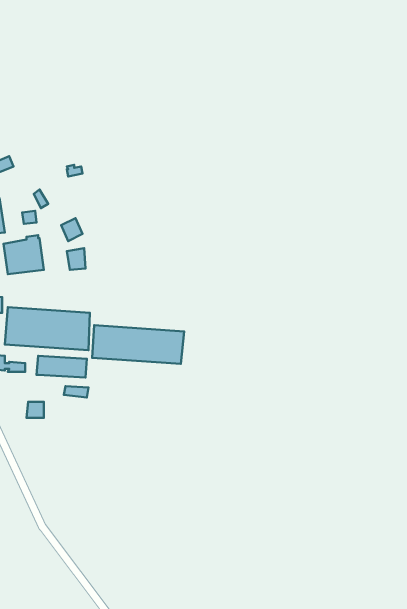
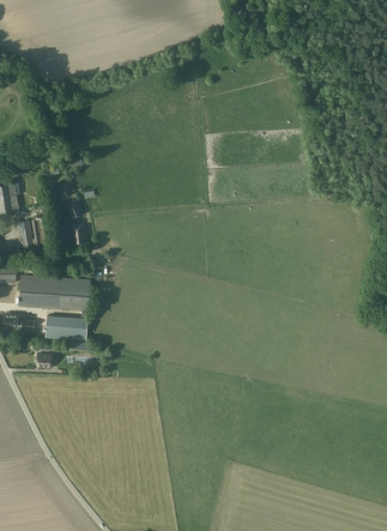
building: [92,325,184,364] -> none

